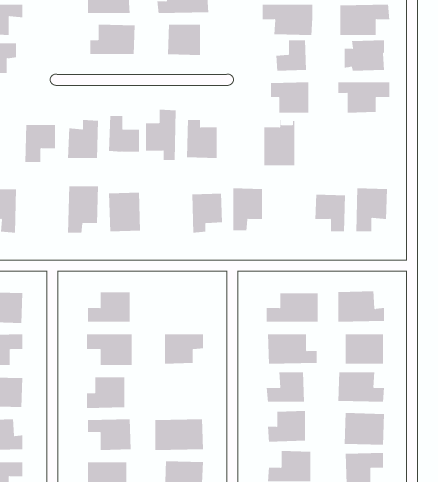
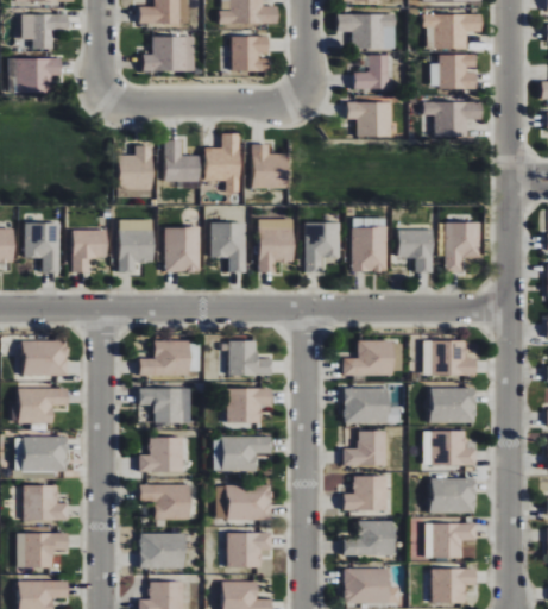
building: [264,120,295,166] -> [351,219,386,271]
building: [24,125,56,162] -> [71,231,107,274]
building: none -> [210,222,246,274]
building: none -> [228,340,271,375]
building: none -> [213,435,271,471]

